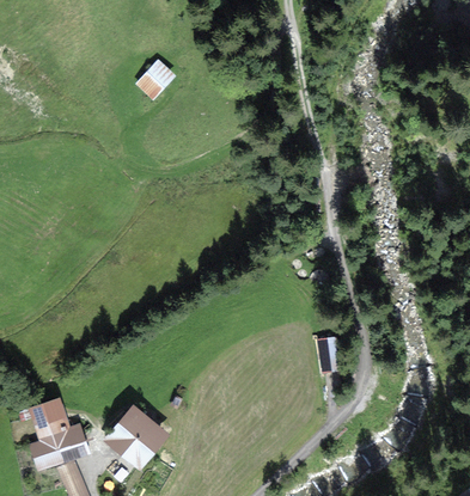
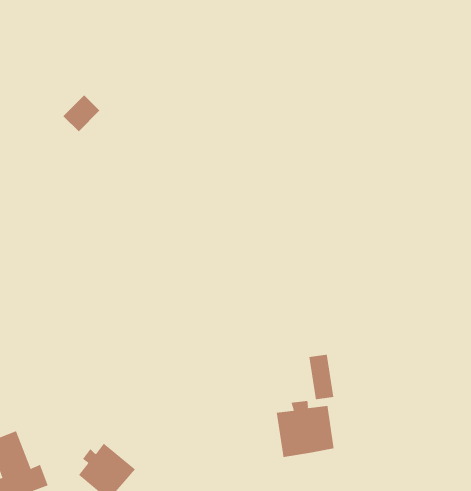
building: [138,60,171,93] -> [63,95,100,132]
building: none -> [276,400,334,458]

